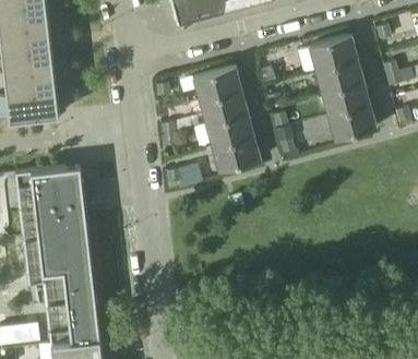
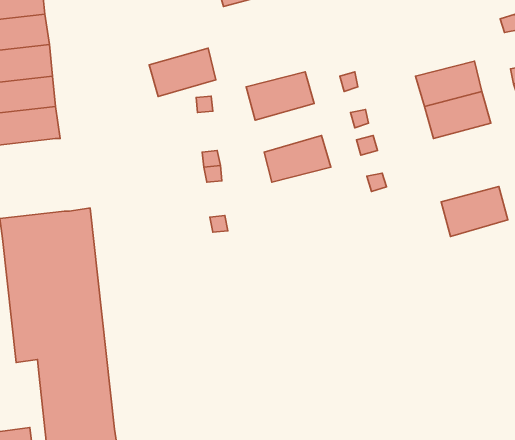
building: [309,38,358,73] -> none
building: [200,93,248,128] -> [149,48,216,96]
building: [329,107,377,143] -> [441,187,508,237]
building: [212,139,261,173] -> none

